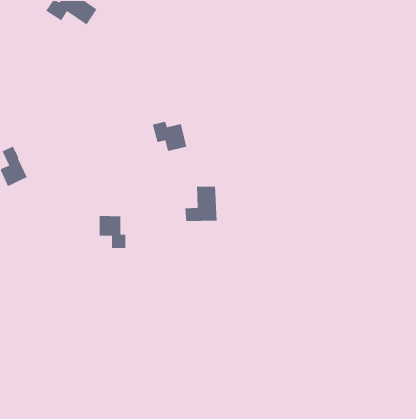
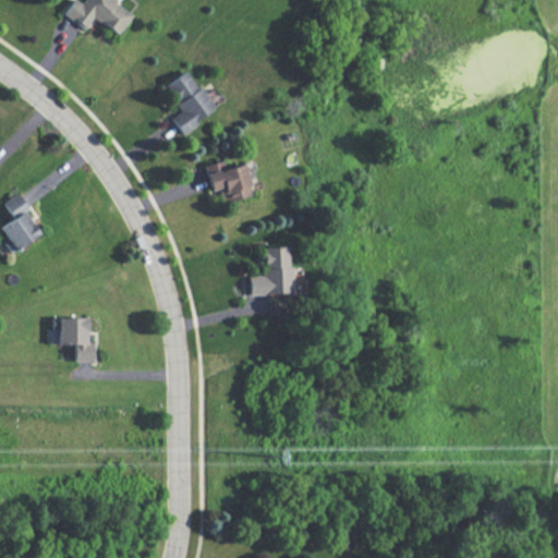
building: none -> [167,70,217,134]
building: [99,215,126,249] -> [60,317,96,362]

